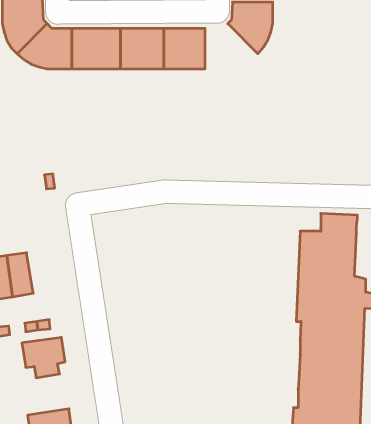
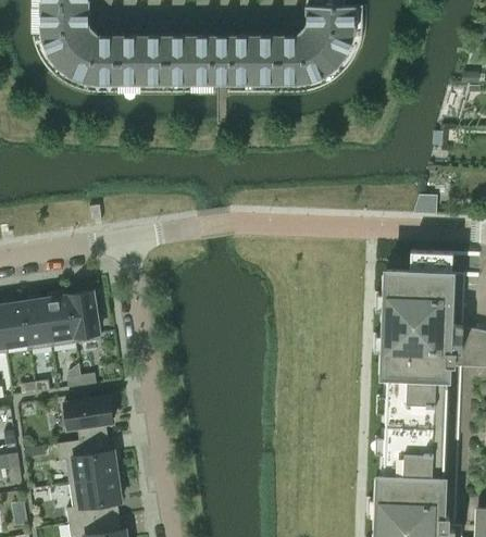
building: none -> [276,32,337,84]
building: none -> [70,292,105,344]
building: none -> [58,437,119,485]

